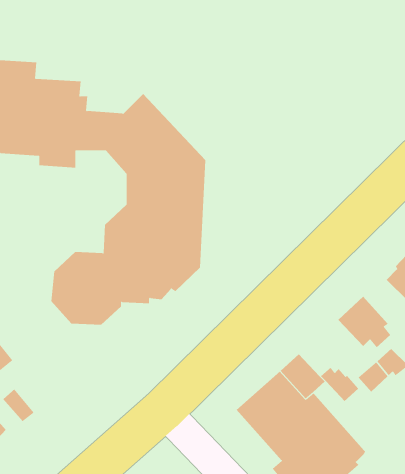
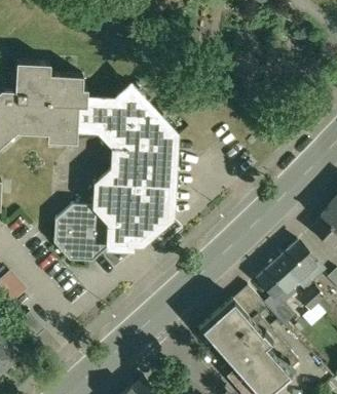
building: none -> [256,261,296,304]

